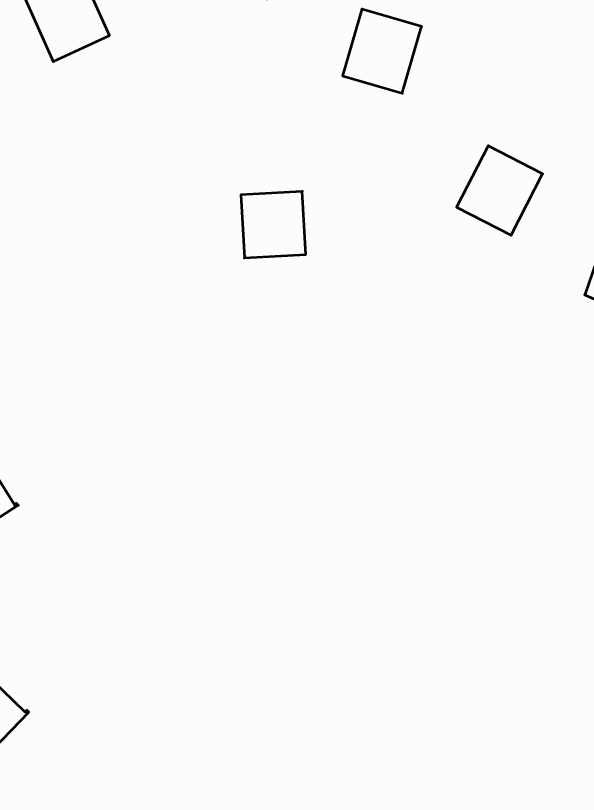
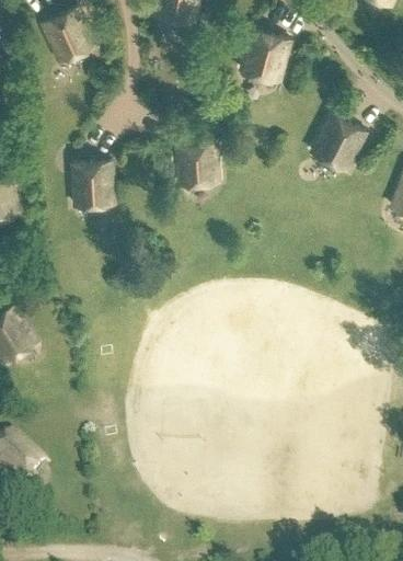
building: none -> [72,162,114,208]

